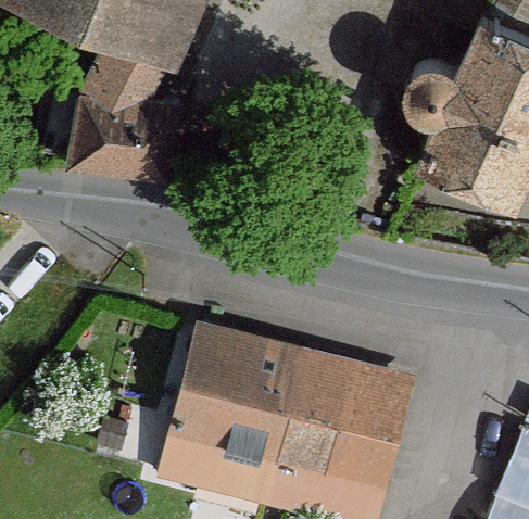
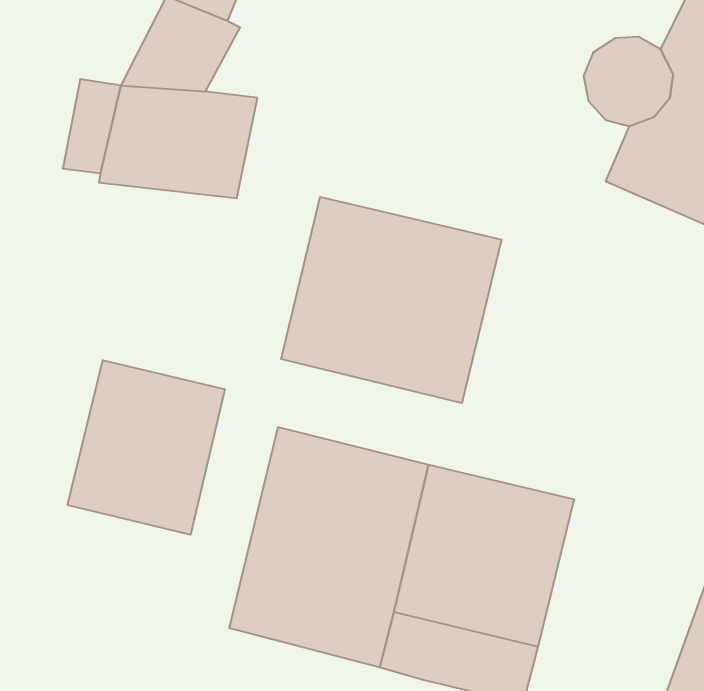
building: none -> [281,197,502,403]
building: none -> [67,360,225,535]

